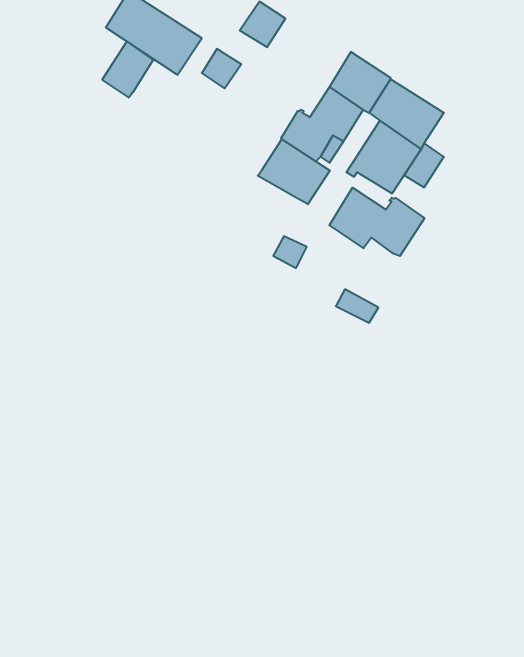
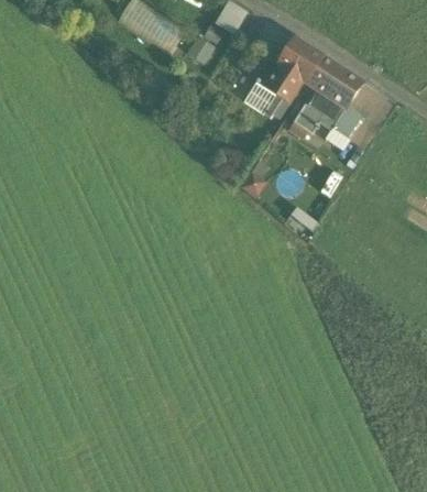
building: [102,41,153,98] -> none
building: [258,139,330,204] -> none
building: [329,188,424,256] -> none

